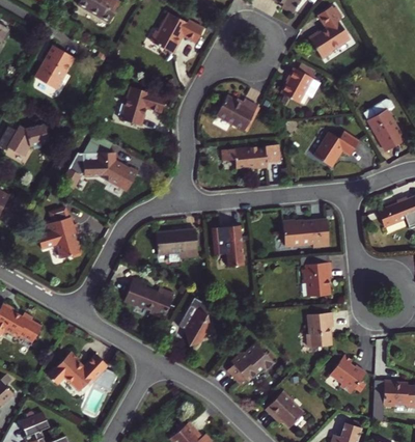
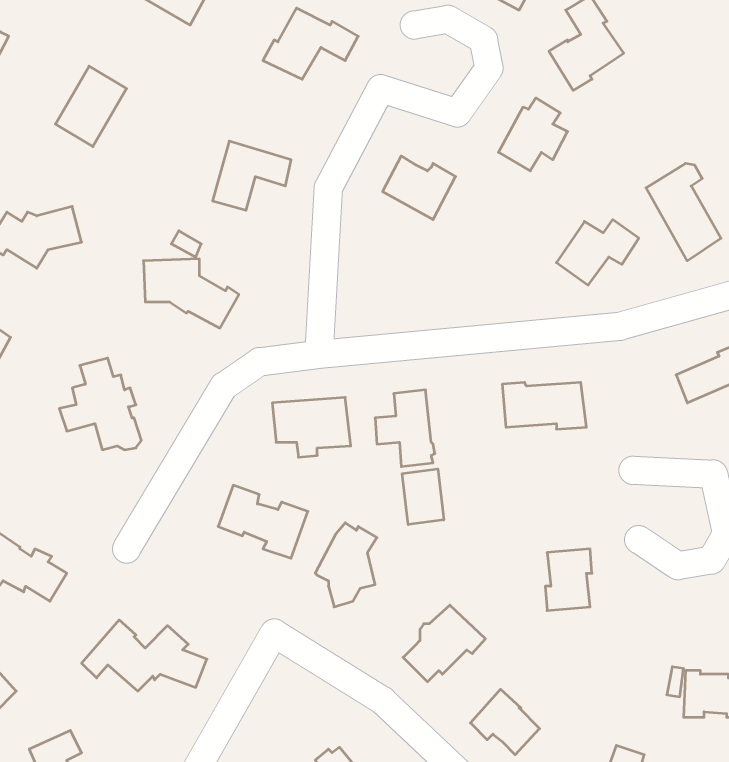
building: [220,143,279,168] -> none
building: [300,261,332,296] -> none
building: none -> [402,469,444,525]
building: [328,354,365,393] -> none

